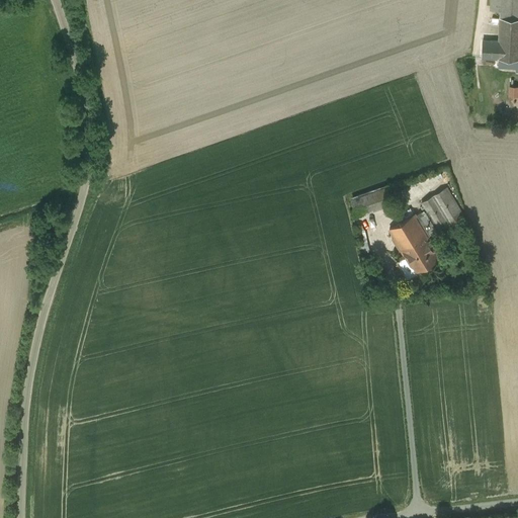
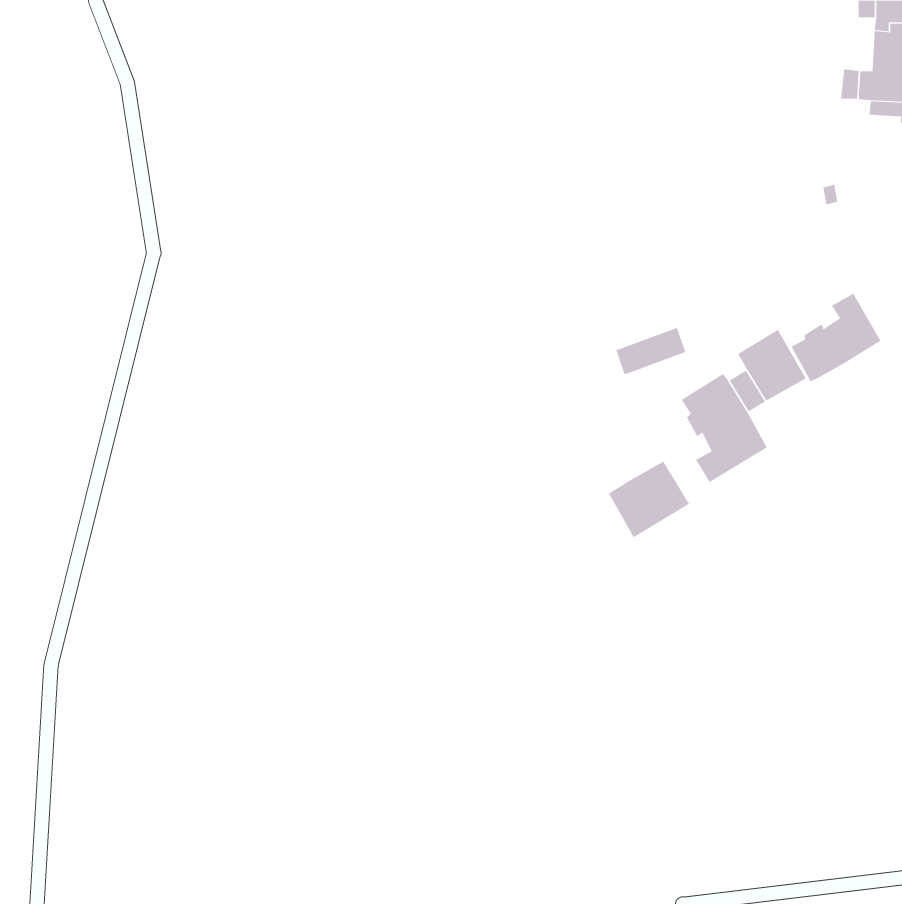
building: none -> [791,293,881,382]
building: none -> [608,461,690,538]

